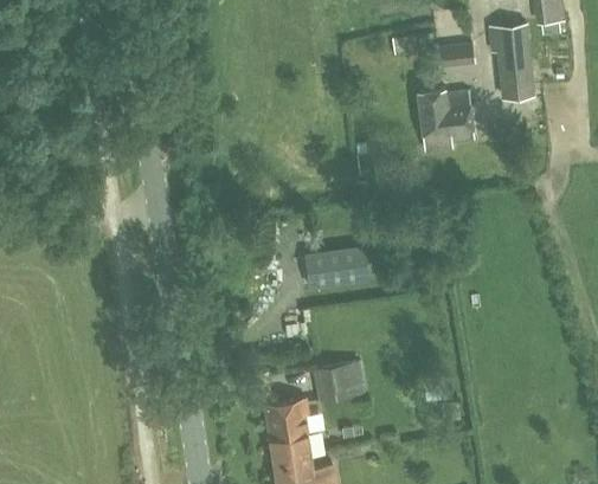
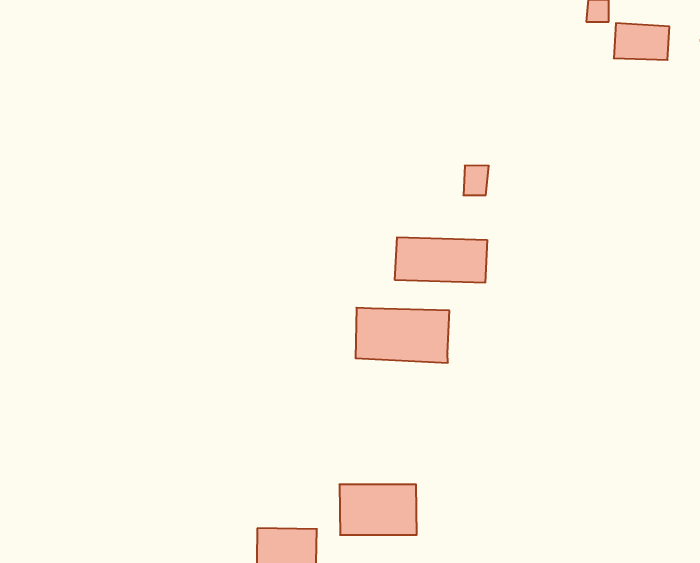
building: [418,89,474,153] -> none
building: none -> [395,237,487,283]

